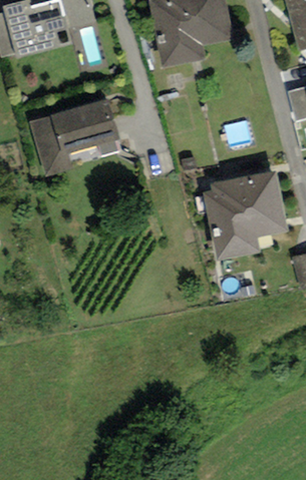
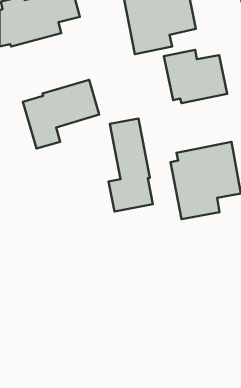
building: none -> [164,50,227,103]
building: none -> [109,118,153,212]

